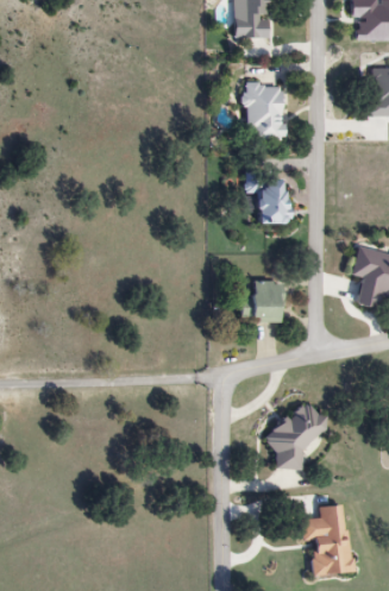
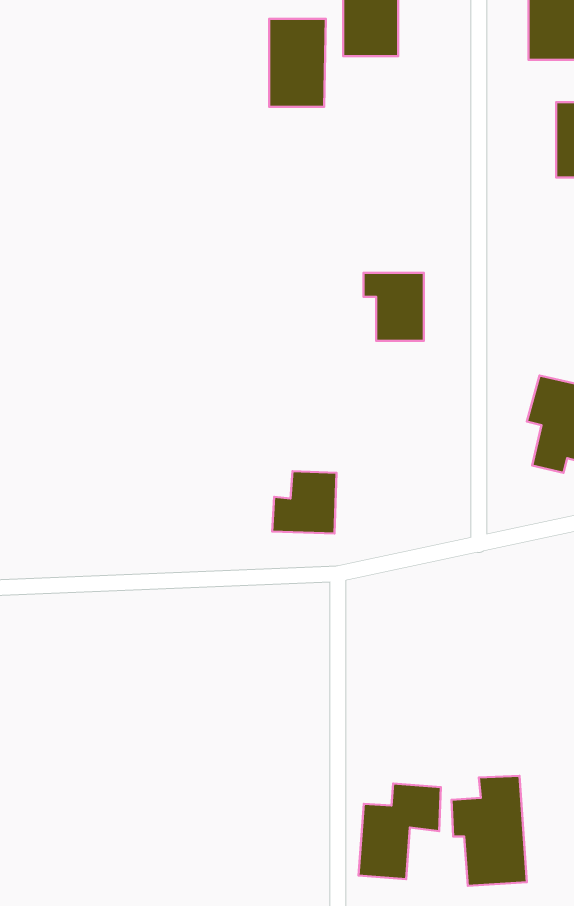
building: [247,82,284,139] -> [269,19,326,107]
building: [239,279,281,320] -> [272,471,336,533]
building: [274,407,327,469] -> [358,784,441,879]

